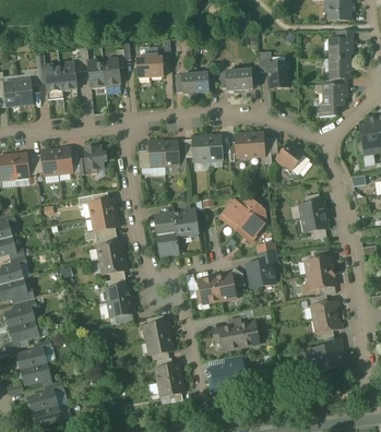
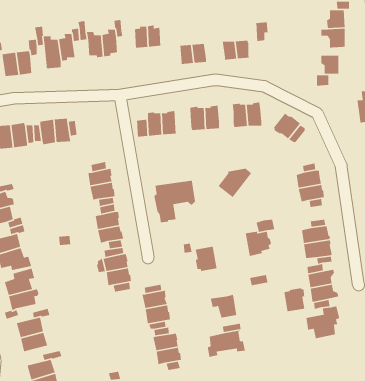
building: [269,61,289,86] -> none
building: [84,146,107,173] -> none
building: [236,203,265,240] -> none
building: [216,273,245,299] -> none
building: [237,321,259,346] -> [284,287,305,312]

